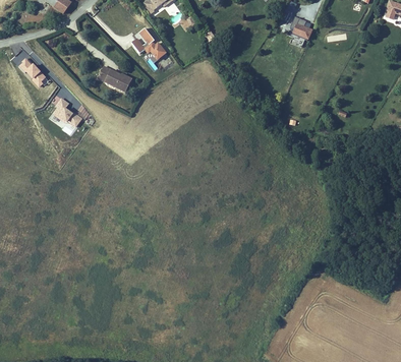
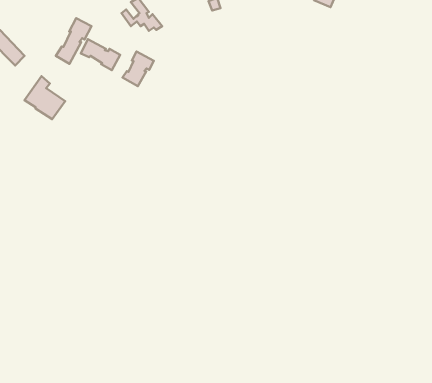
building: none -> [56,18,91,64]
building: none -> [122,52,154,86]

